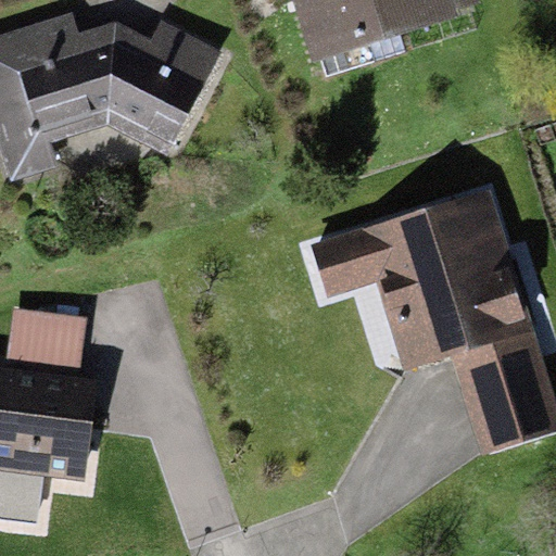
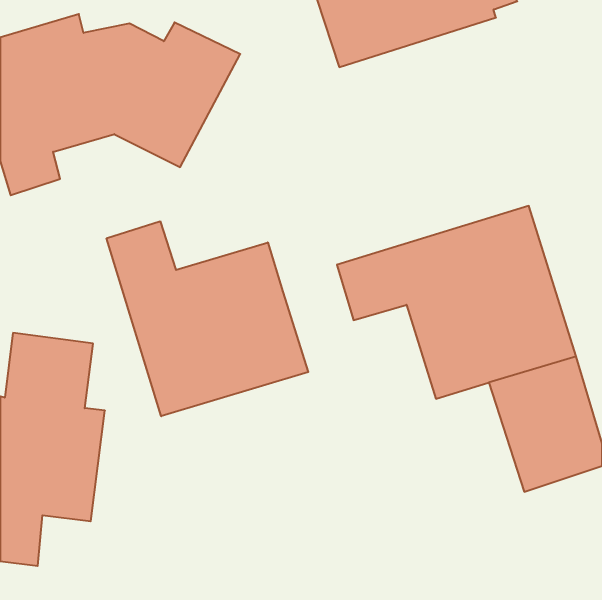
building: none -> [107,221,308,416]

